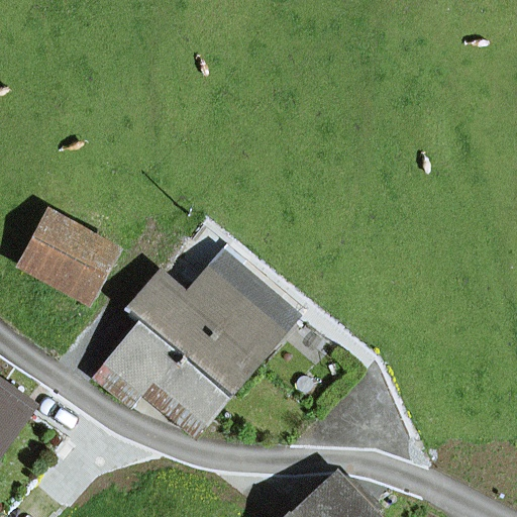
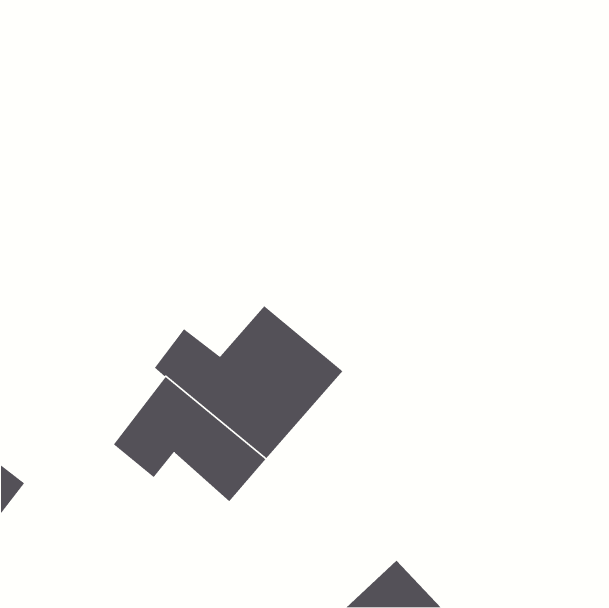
building: [24,208,116,296] -> none

